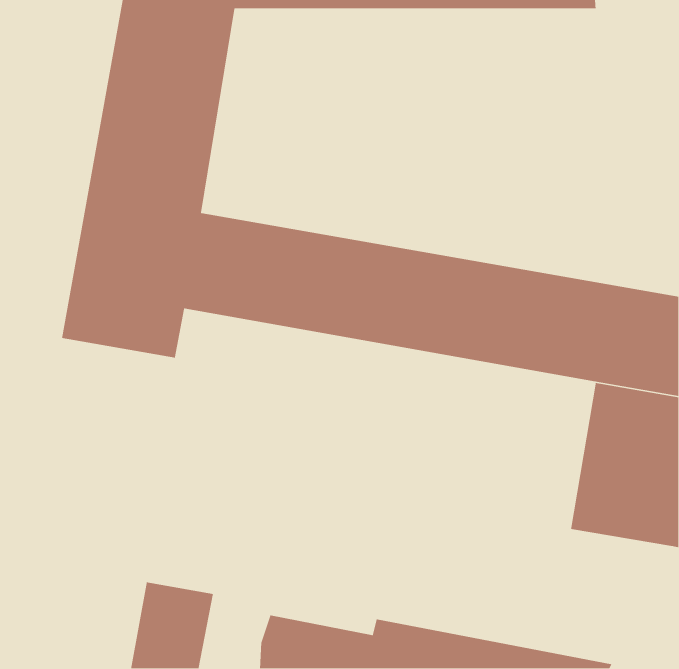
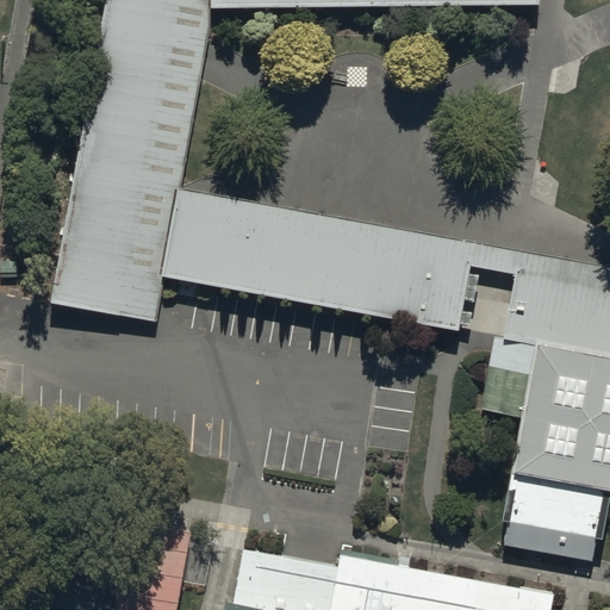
building: none -> [499,475,603,564]

